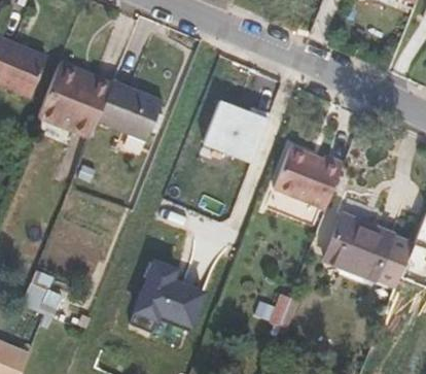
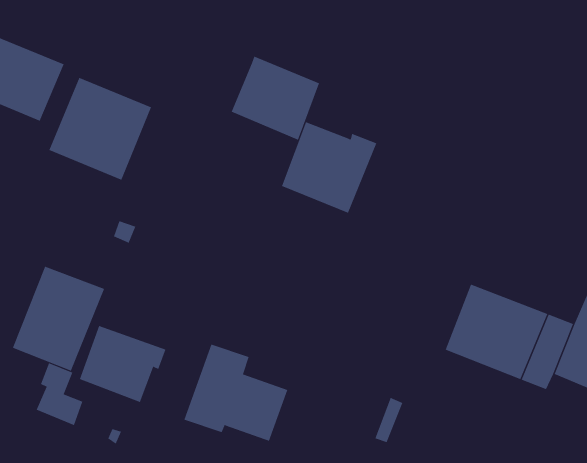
building: [96,80,159,141] -> [231,56,320,140]
building: [273,147,343,209] -> none
building: none -> [12,266,105,372]
building: none -> [79,325,166,403]

